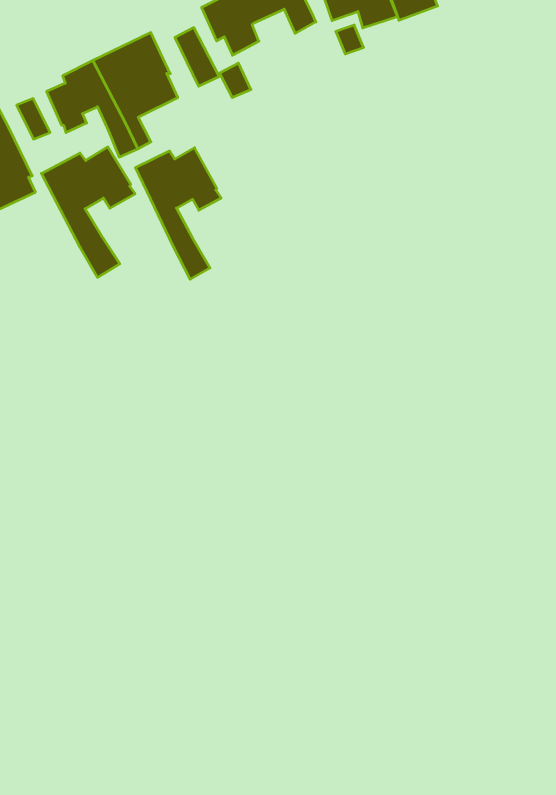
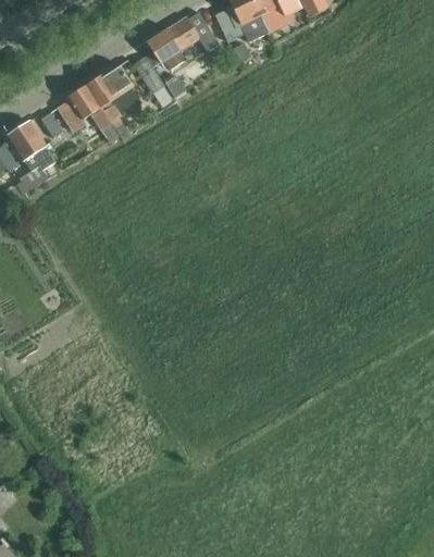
building: [41,147,135,277] -> none
building: [135,148,221,279] -> none

